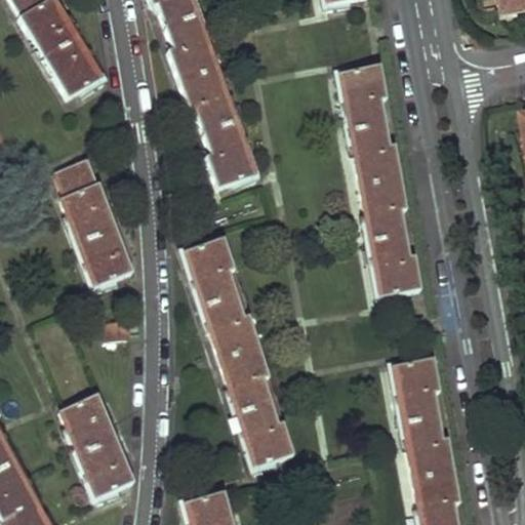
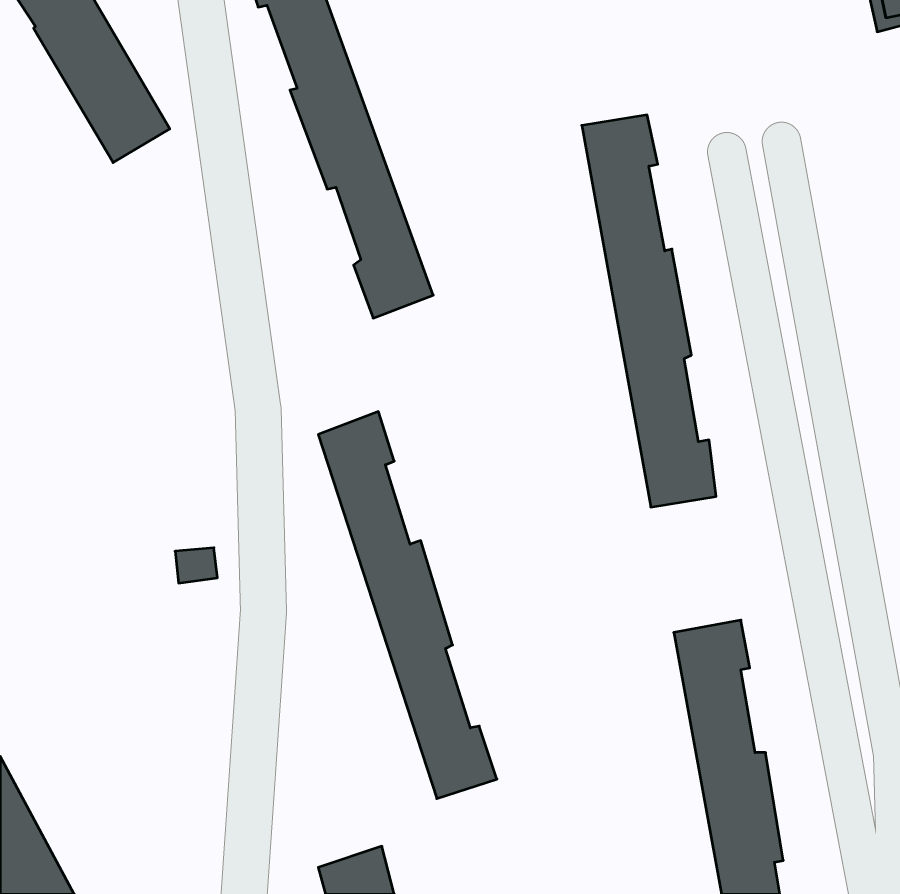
building: [55,159,131,283] -> none
building: [57,396,131,497] -> none

